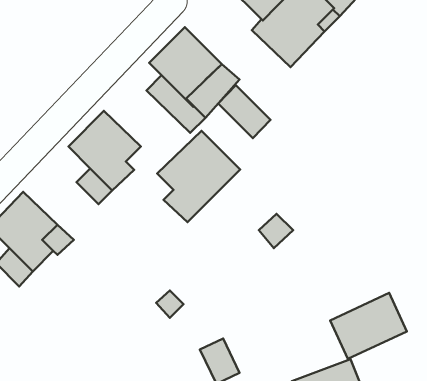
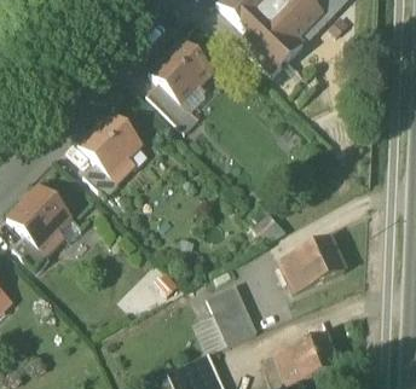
building: [218,85,271,138] -> none
building: [157,131,240,222] -> none
building: [330,293,407,359] -> [277,234,345,292]
building: none -> [206,283,256,343]

